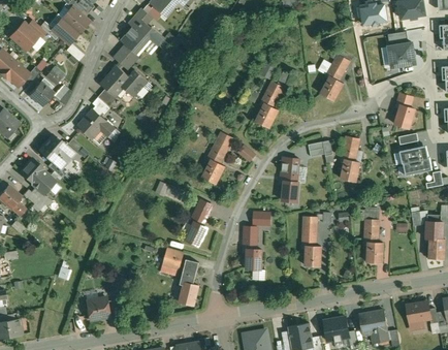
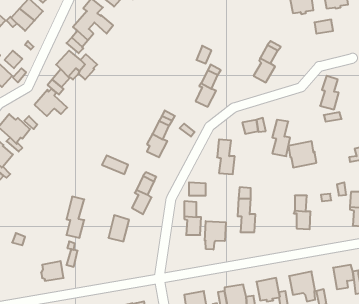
building: [388,42,416,67] -> none
building: [401,148,431,177] -> [288,141,316,167]
building: none -> [205,221,226,250]
building: [180,259,199,305] -> [66,197,84,238]

